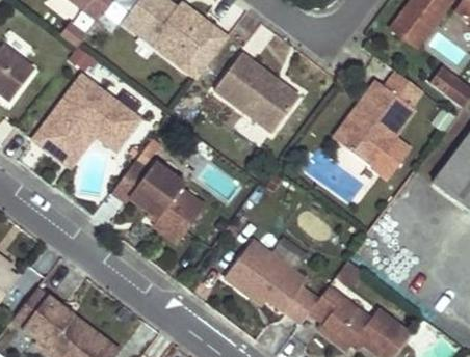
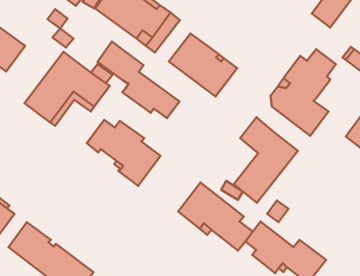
building: none -> [98,41,179,118]
building: none -> [234,117,298,203]

